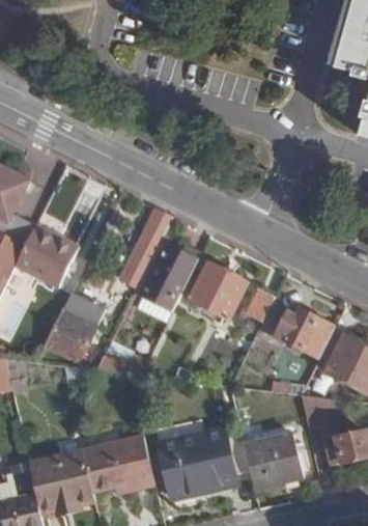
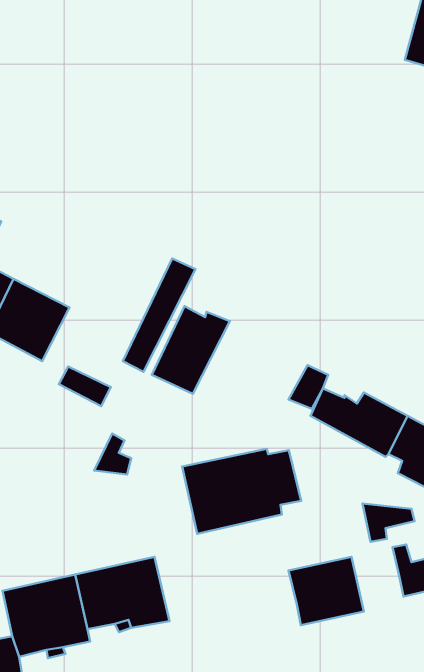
building: [190,266,245,321] -> none
building: [45,309,98,362] -> none
building: [161,433,251,497] -> [182,449,301,534]

